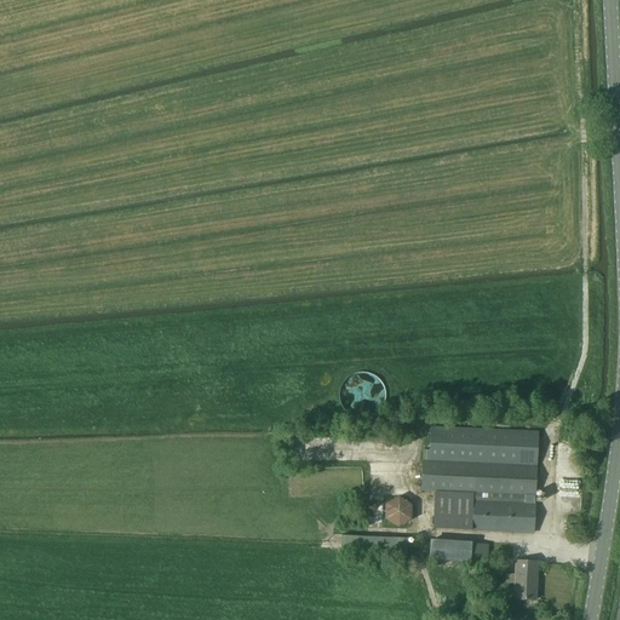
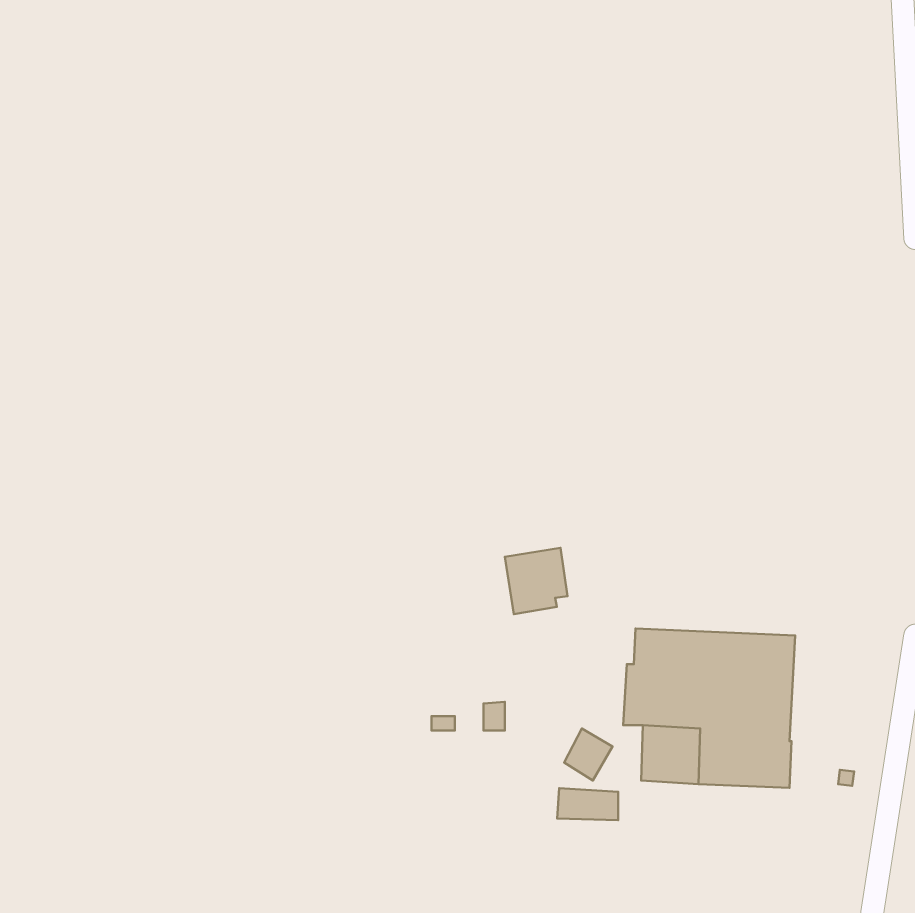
building: [430,538,471,559] -> [557,788,618,820]
building: [505,559,536,599] -> none

